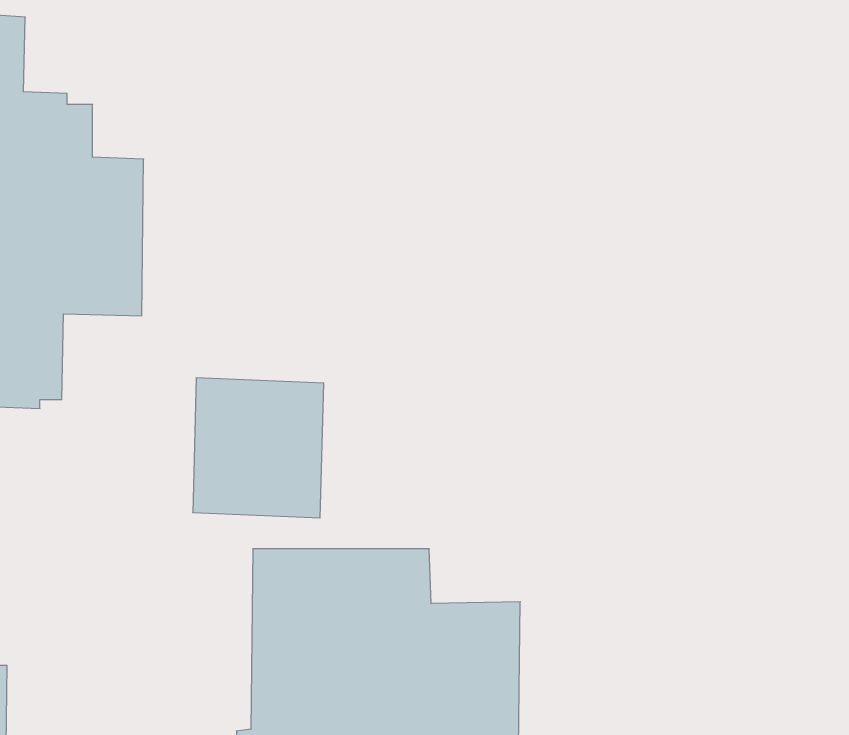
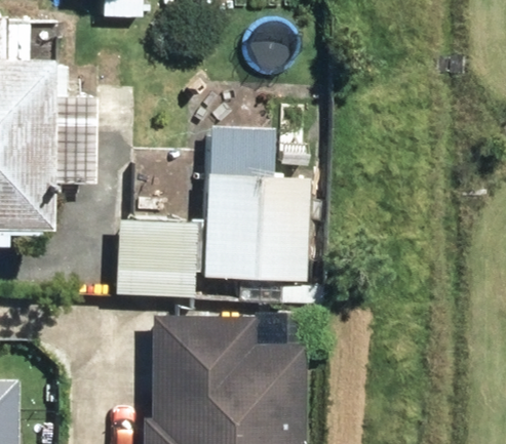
building: none -> [201,134,322,306]

